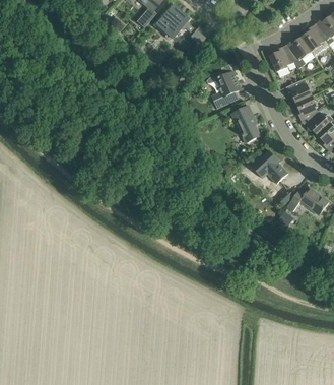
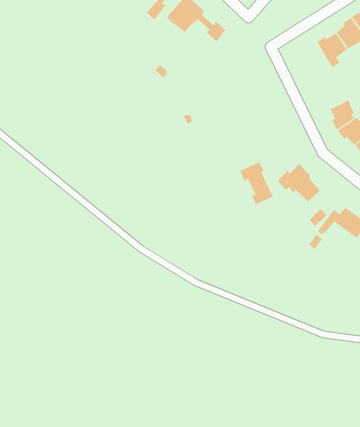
building: [269,45,294,71] -> none
building: [207,63,242,108] -> none
building: [286,77,313,103] -> none
building: [231,105,261,142] -> [239,161,274,205]

